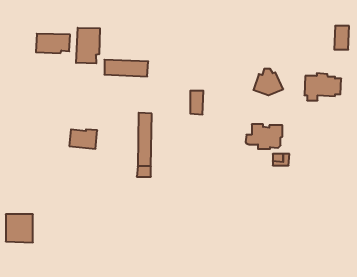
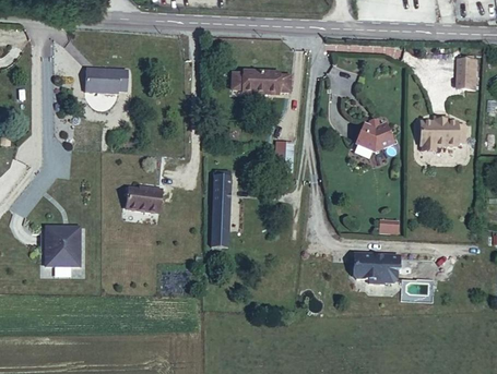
building: [76,28,100,63] -> none
building: [104,60,148,76] -> [233,73,287,94]
building: [246,124,282,149] -> [354,253,400,283]
building: [6,214,33,242] -> [45,232,79,267]

